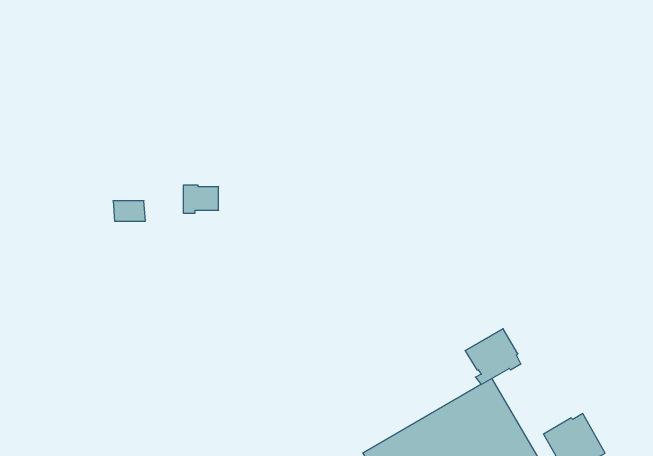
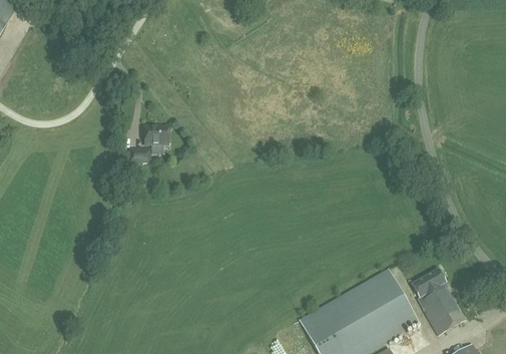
building: [183,185,219,213] -> [144,125,168,144]
building: [465,329,521,384] -> [411,269,449,307]

